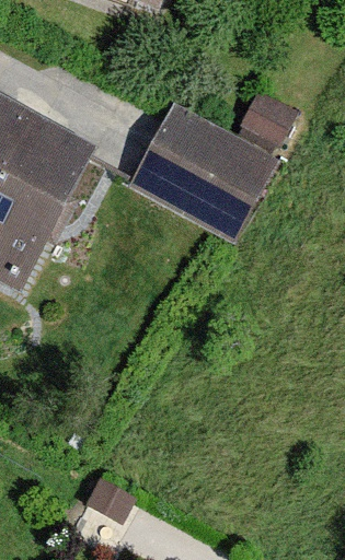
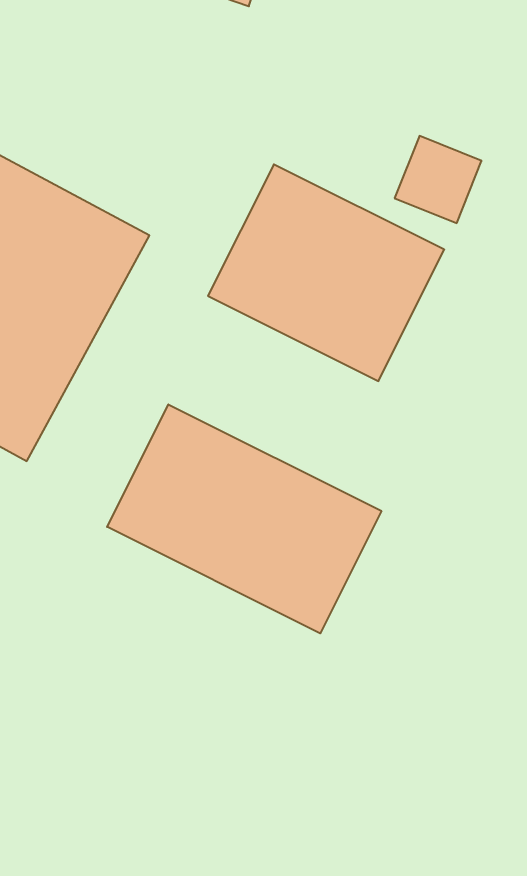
building: none -> [107,404,381,633]

